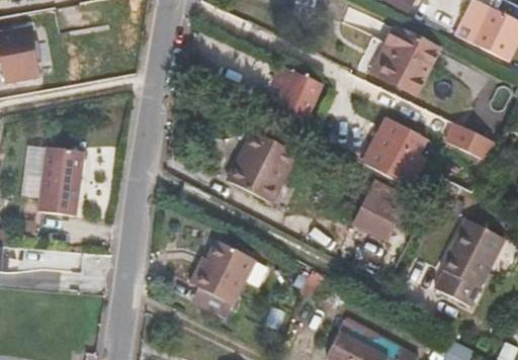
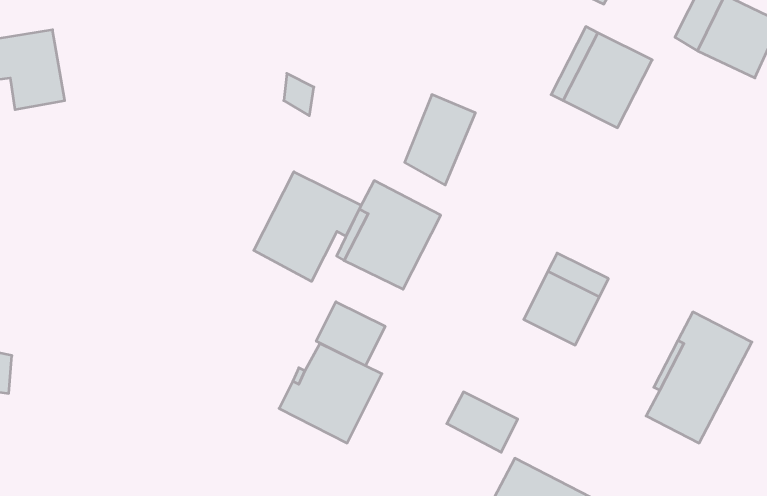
building: [363,119,424,184] -> none
building: [444,120,494,158] -> none
building: none -> [254,172,361,281]
building: [39,146,87,215] -> none
building: none -> [316,302,385,366]

